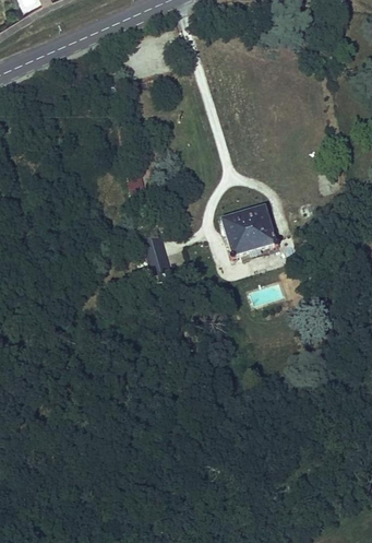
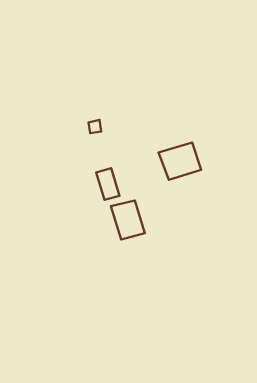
building: none -> [111,200,145,240]

